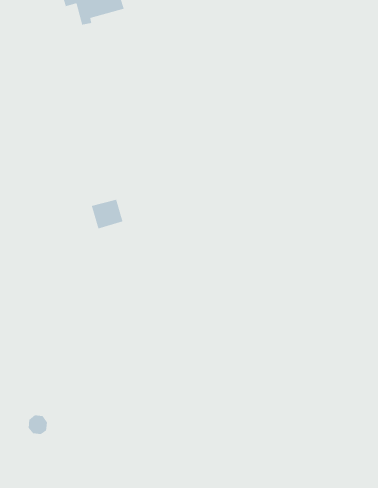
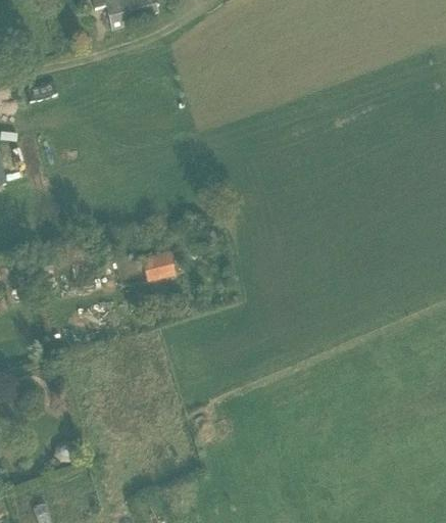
building: [91,199,124,230] -> [140,250,175,283]

